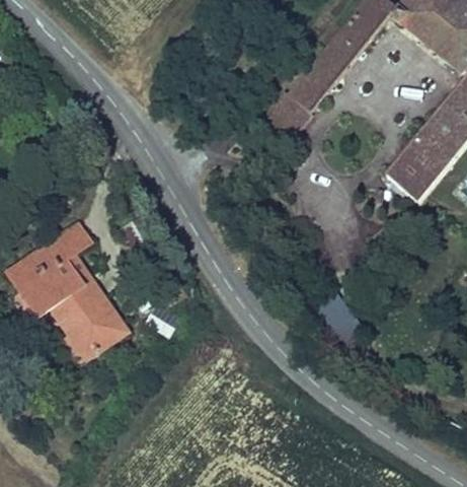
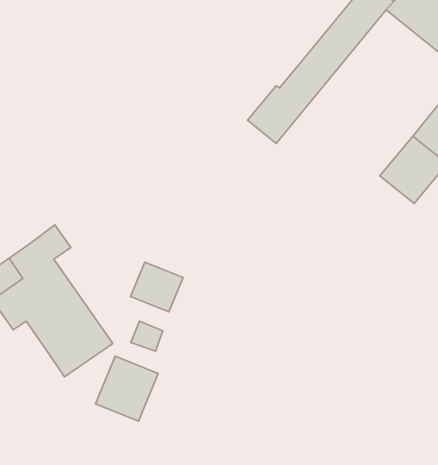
building: none -> [130,262,183,312]
building: none -> [95,356,158,421]

